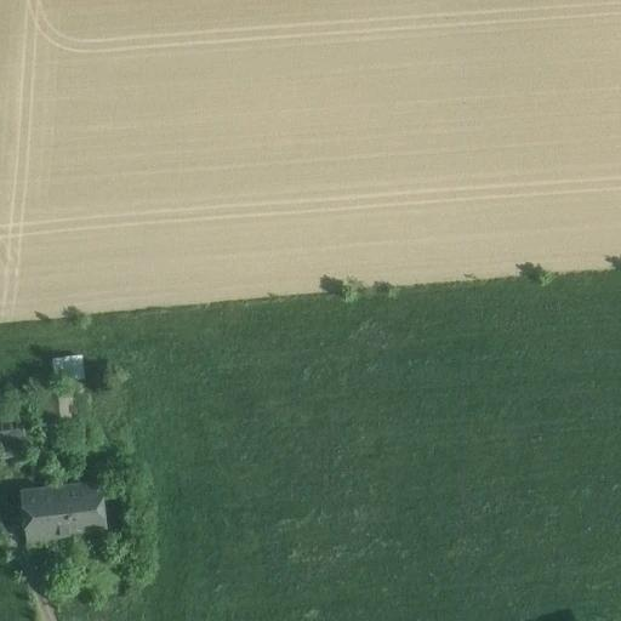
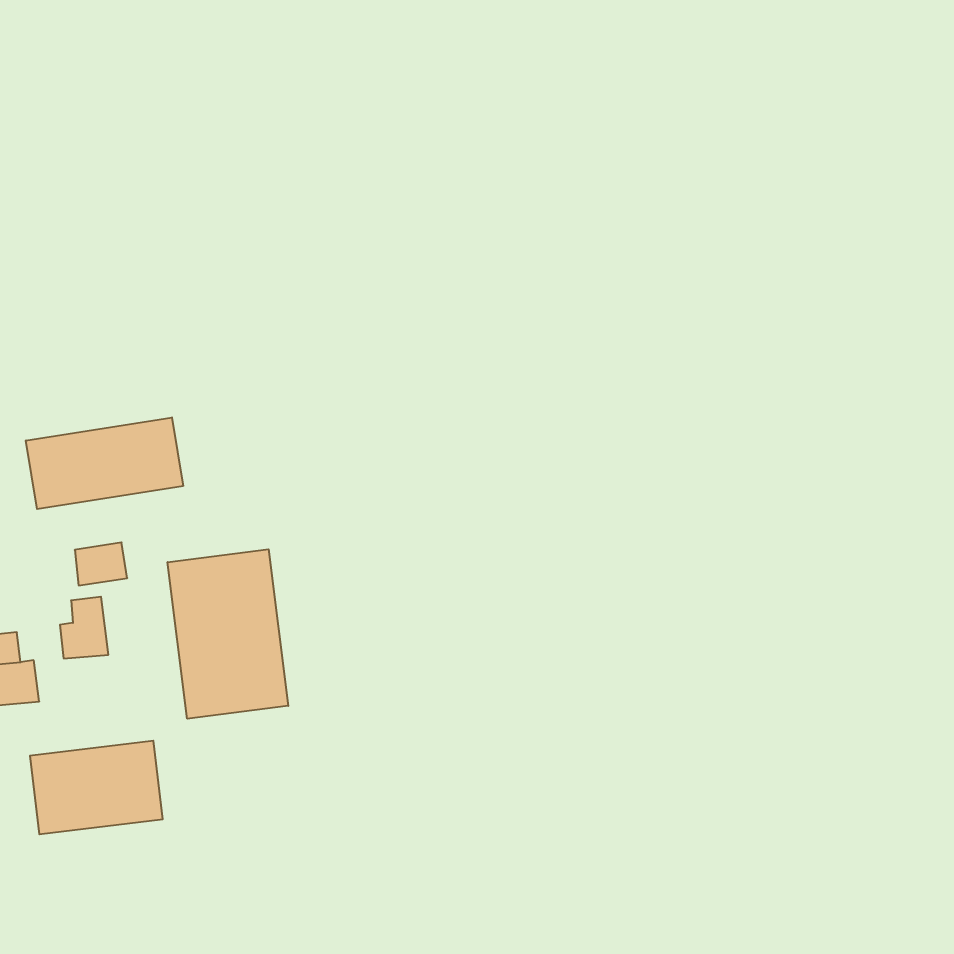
building: none -> [26,417,183,509]
building: none -> [168,549,288,719]

